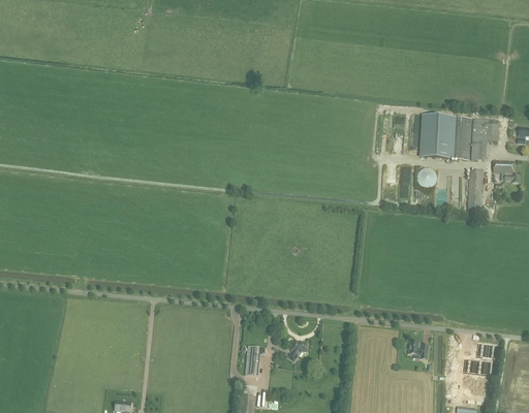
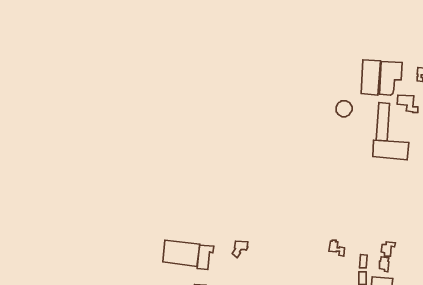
building: [419,115,450,158] -> none
building: none -> [373,140,409,160]
building: none -> [163,240,200,266]

